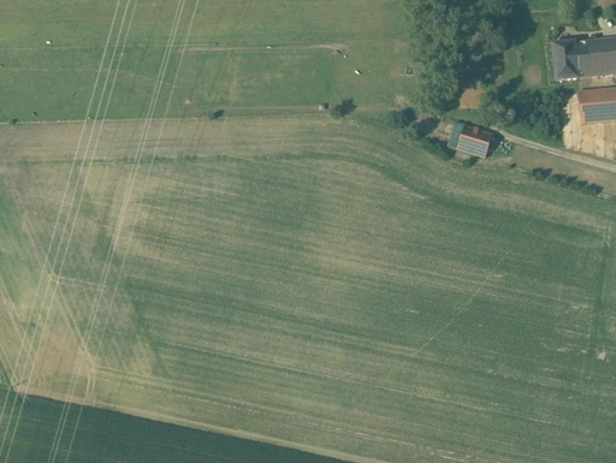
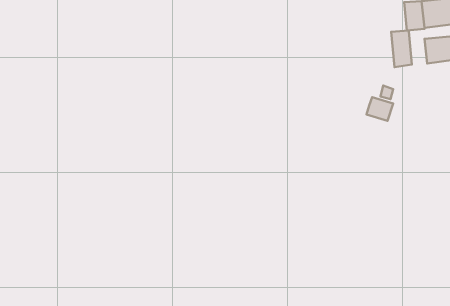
building: none -> [391,30,412,67]
building: [458,125,493,156] -> [367,97,393,121]

